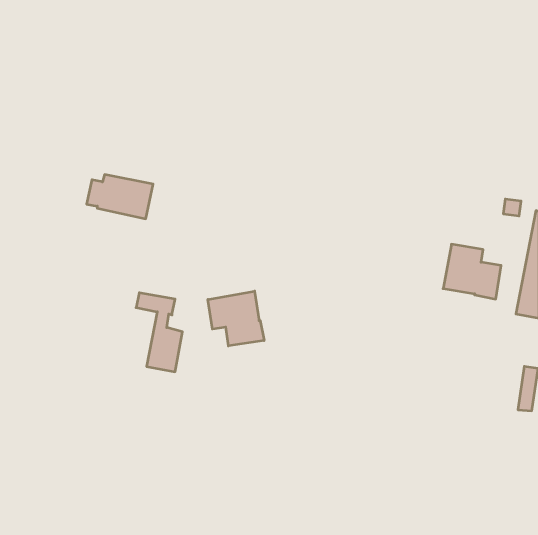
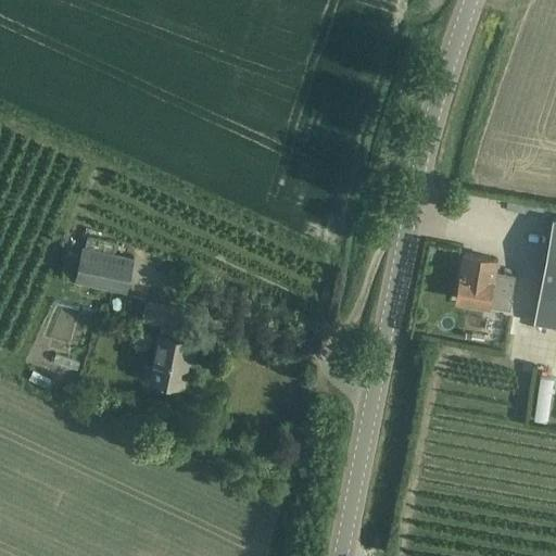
building: [87,175,153,219] -> [63,250,131,295]
building: [208,291,264,346] -> none

